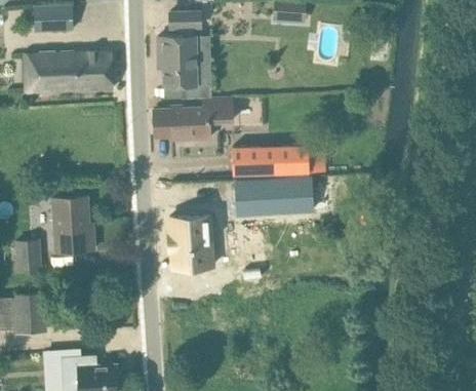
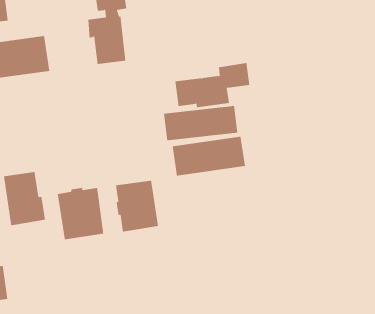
building: [153,96,234,141] -> [175,63,250,108]
building: none -> [57,187,104,240]

